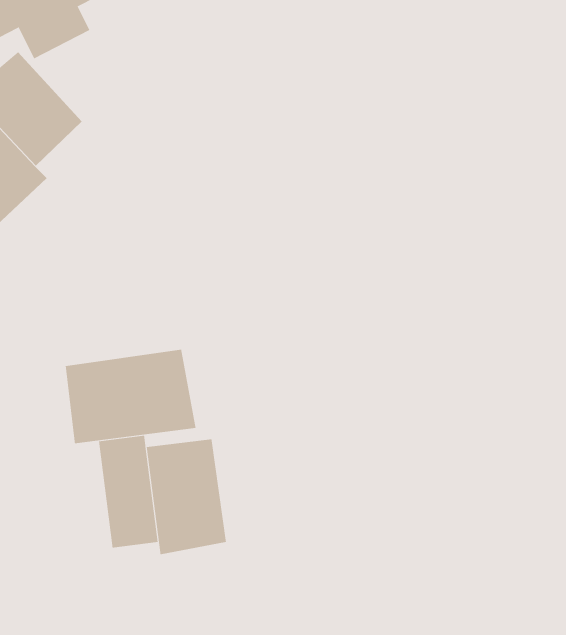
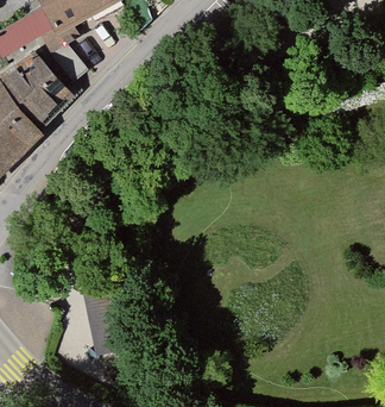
building: [65,349,196,444] -> none
building: [146,439,227,555] -> none

